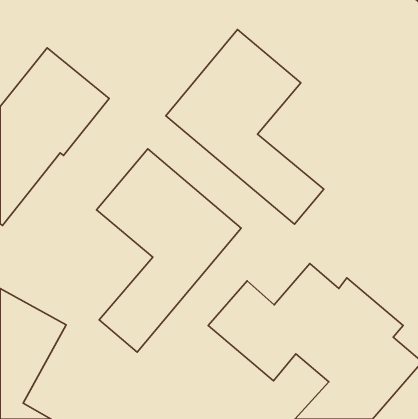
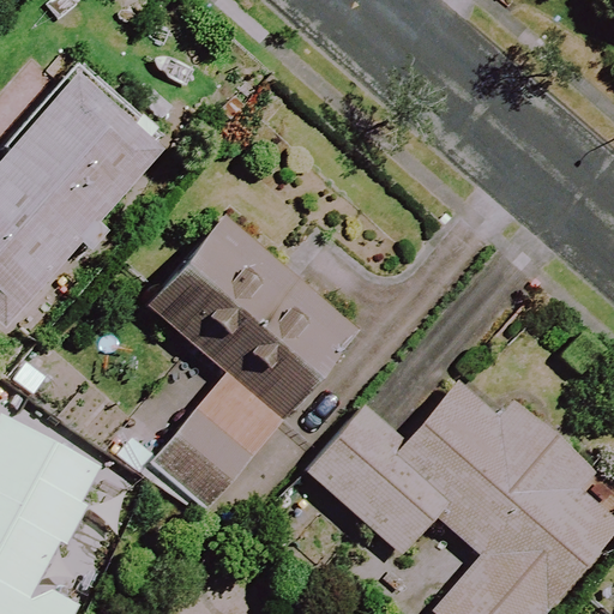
building: [166,29,324,224] -> none

